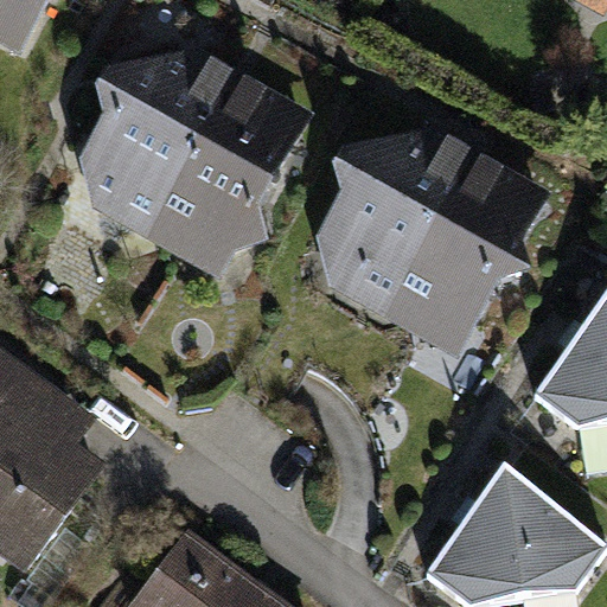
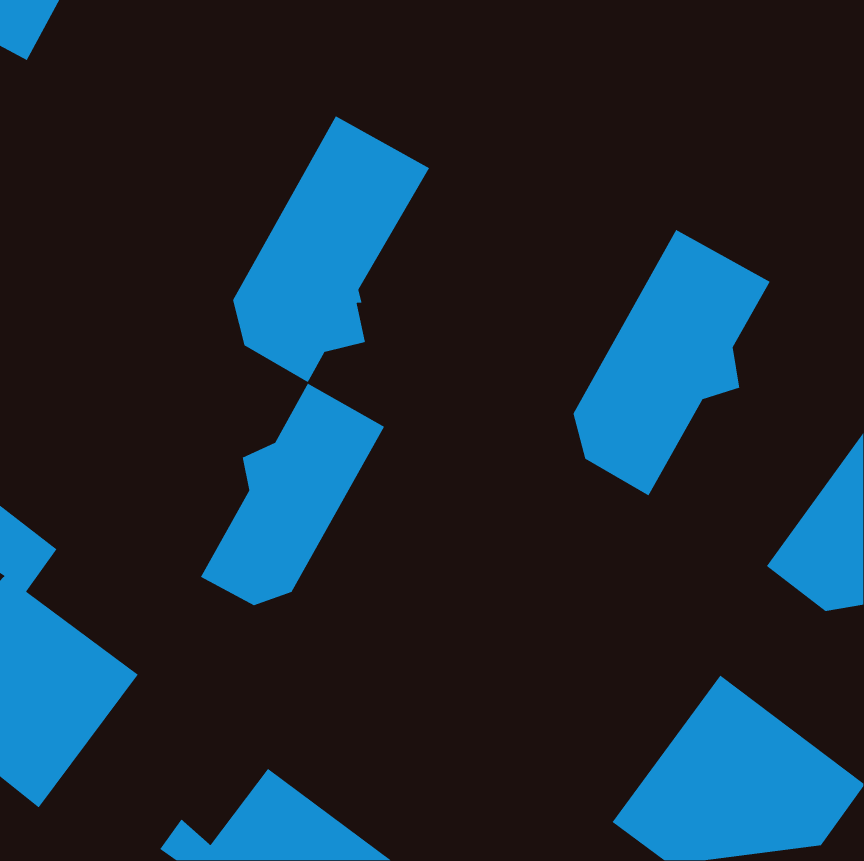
building: [88,58,235,242] -> none
building: [326,138,473,321] -> none
building: none -> [200,383,385,606]

